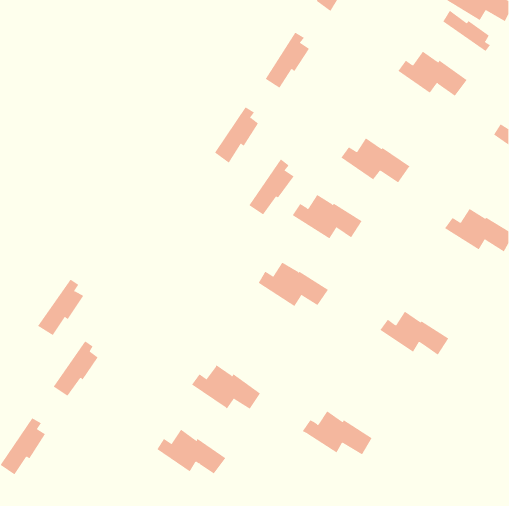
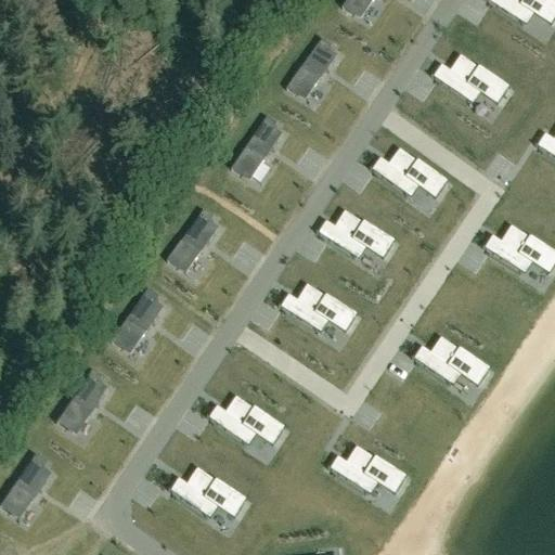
building: [442,10,491,52] -> none
building: [249,158,294,215] -> [169,209,219,271]
building: [37,279,84,336] -> [113,289,164,351]

